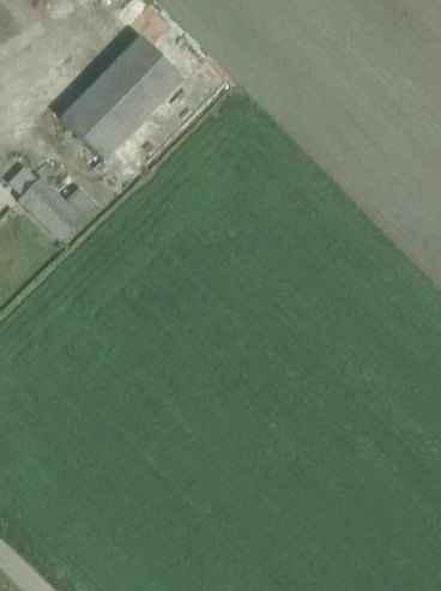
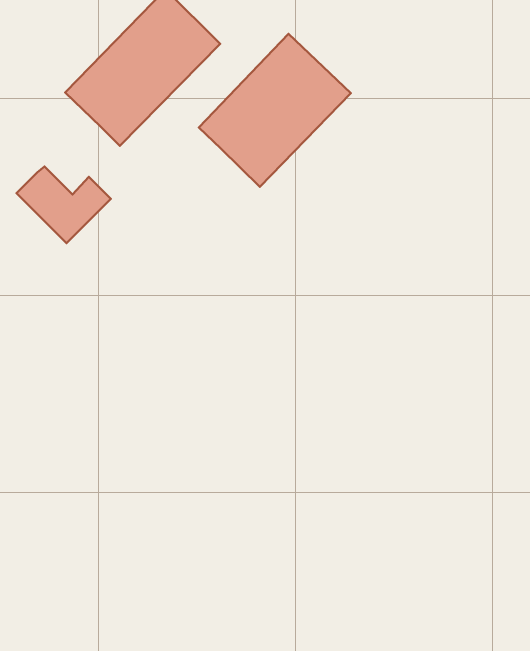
building: none -> [199,34,351,187]

